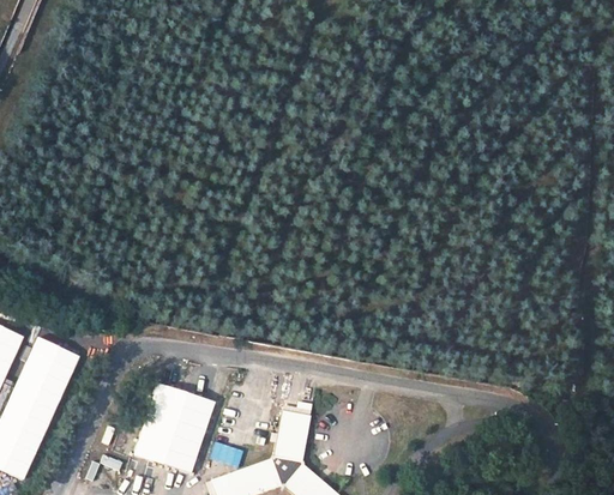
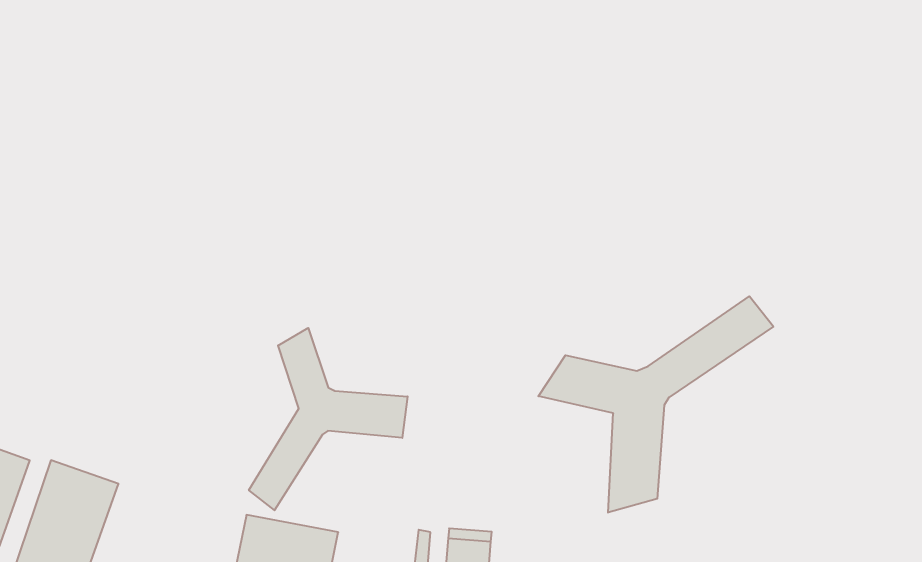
building: none -> [249,328,408,510]
building: none -> [538,296,773,513]

